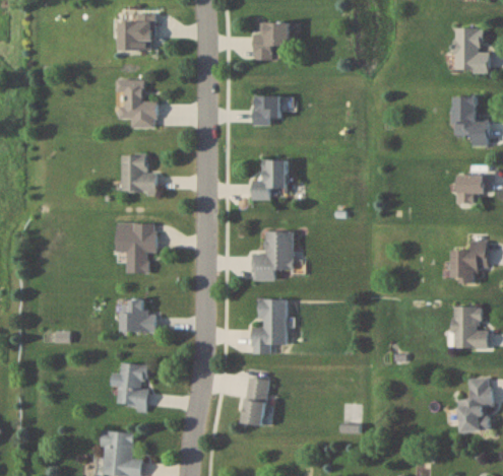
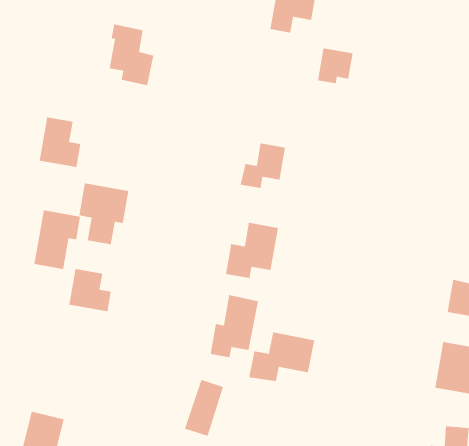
building: [254,96,281,126] -> [317,48,353,84]
building: [122,155,156,195] -> [39,117,81,168]
building: none -> [34,210,81,270]
building: none -> [249,331,315,382]
building: [118,362,149,408] -> none

